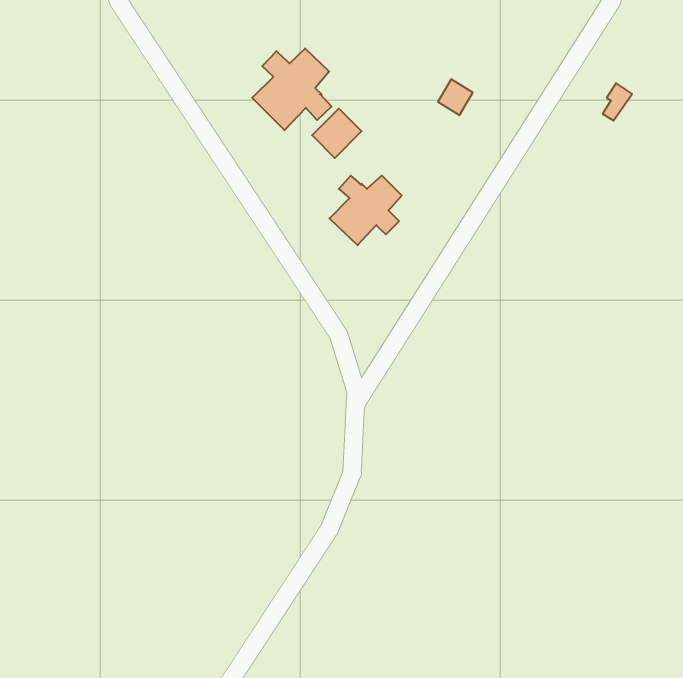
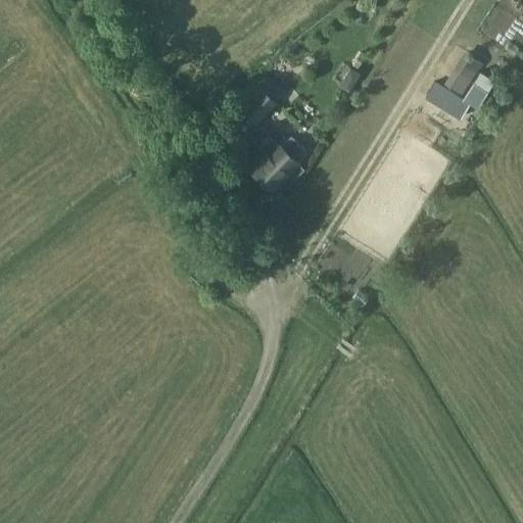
building: [252,48,332,130] -> none
building: none -> [427,78,460,113]

